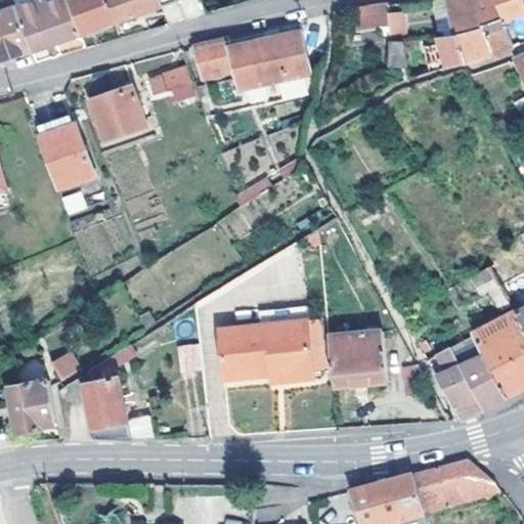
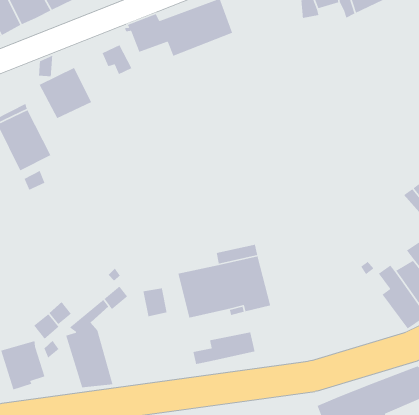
building: [328,332,386,388] -> none
building: none -> [192,331,255,365]

